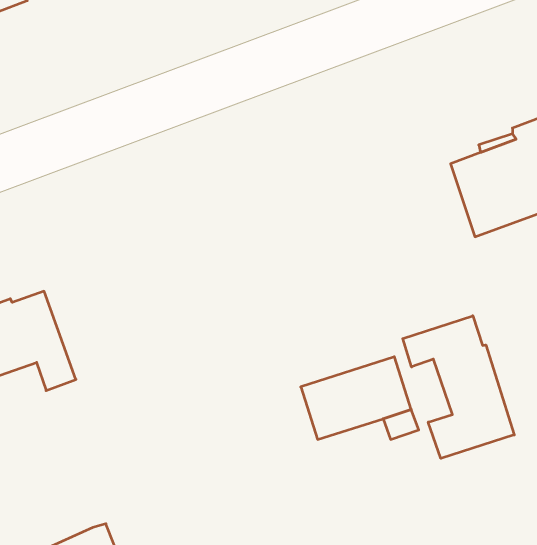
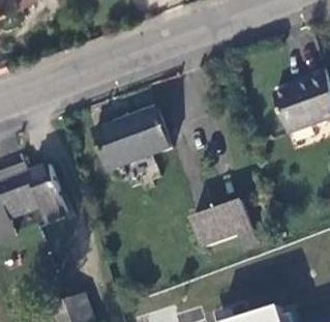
building: none -> [94,107,171,169]
building: [403,316,514,458] -> none

